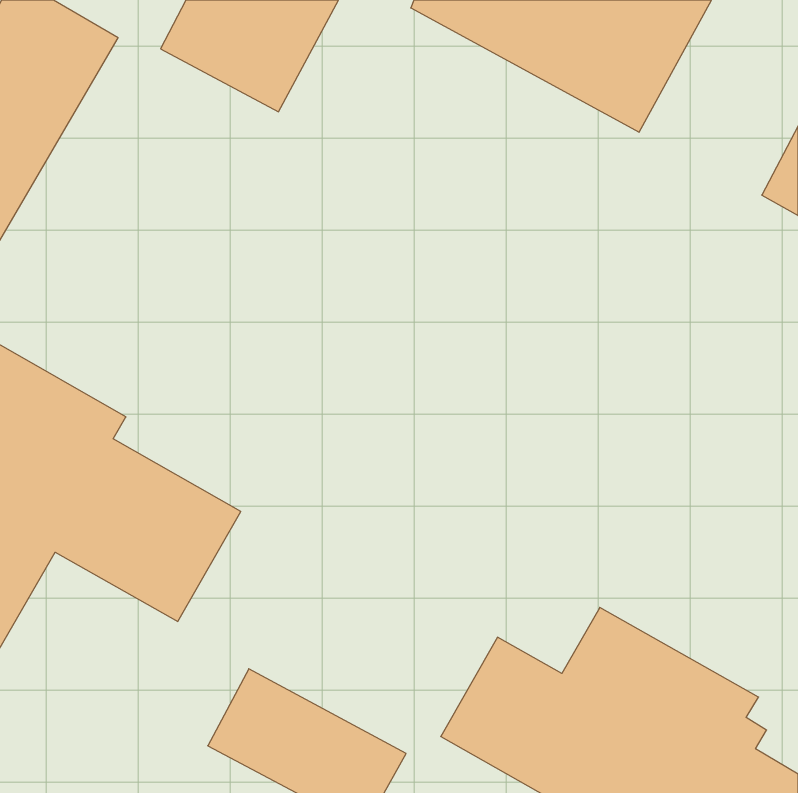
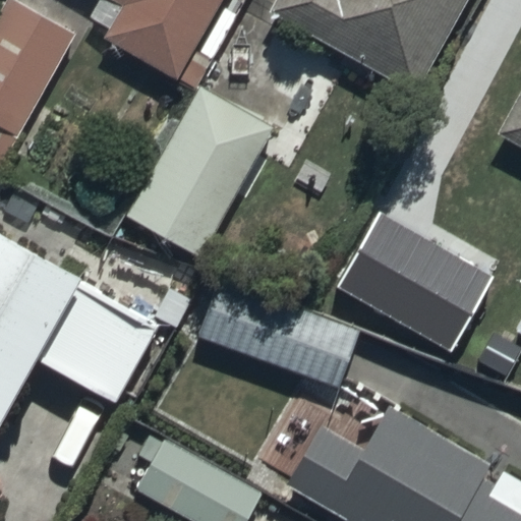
building: none -> [124,81,274,256]
building: none -> [339,209,496,349]
building: none -> [189,279,361,391]

